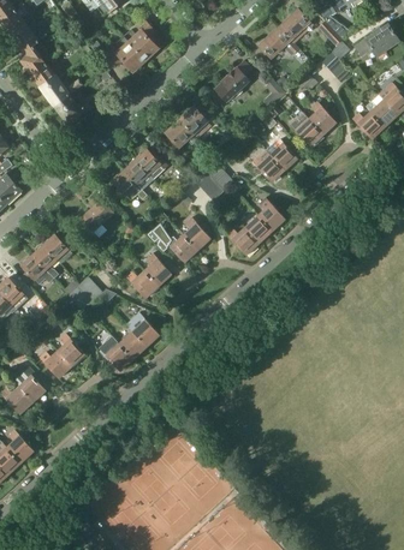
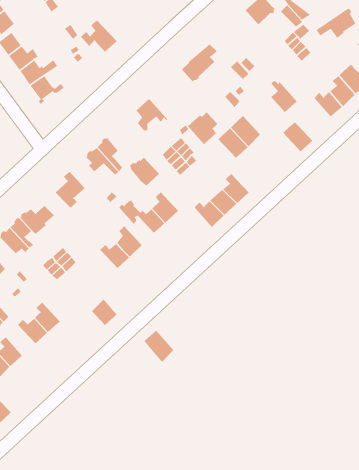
building: [124,20,158,59] -> none
building: [260,26,298,58] -> none
building: [179,103,212,142] -> [187,111,218,148]
building: [290,114,322,147] -> [282,121,313,152]
building: [135,148,167,179] -> [129,157,160,186]
building: [126,312,159,347] -> [144,330,174,363]
building: [97,336,132,371] -> none

